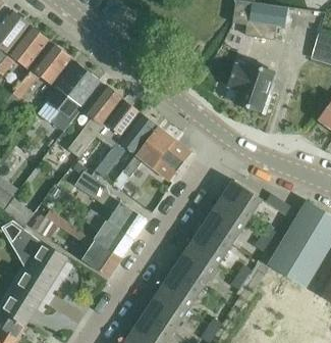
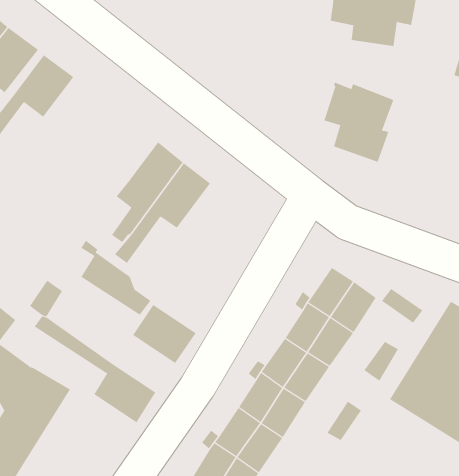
building: [47,63,98,131] -> none
building: [70,85,123,156] -> none
building: [113,126,190,189] -> none
building: [86,209,134,258] -> none

